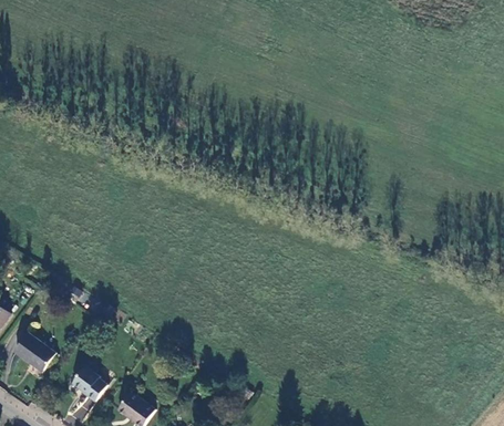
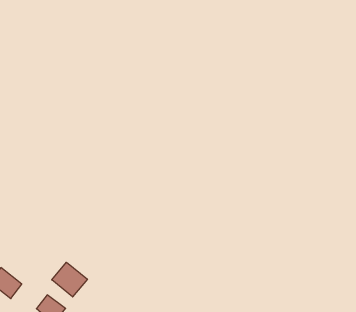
building: none -> [52,262,87,297]

